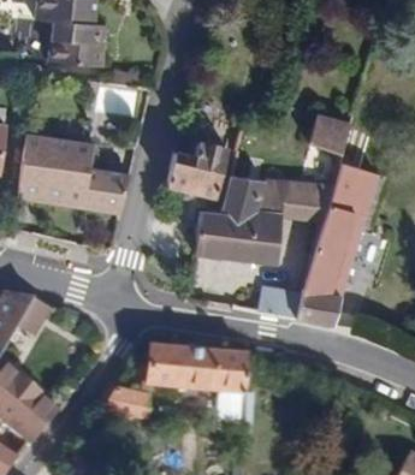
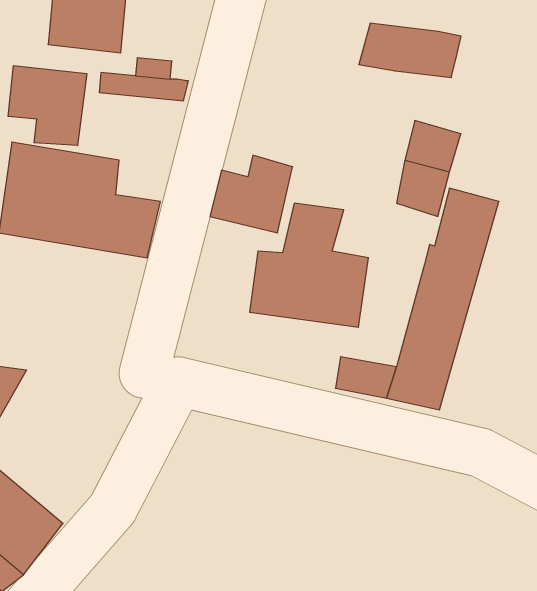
building: none -> [8,66,87,146]
building: [256,179,331,219] -> [359,23,461,78]
building: [101,348,247,420] -> none

